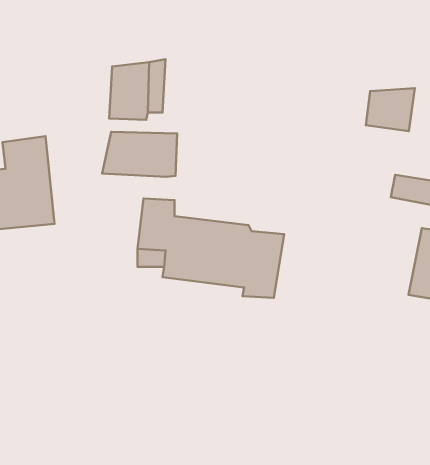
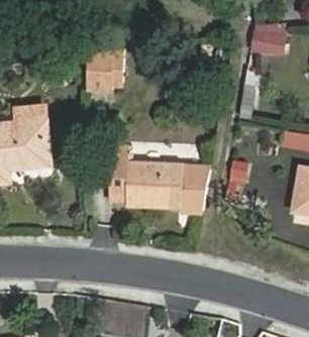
building: [366,88,415,131] -> [250,22,284,51]
building: [102,132,177,177] -> none

